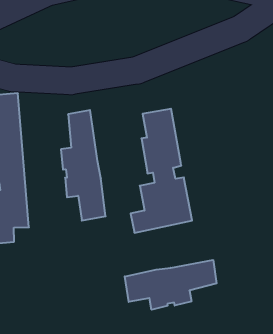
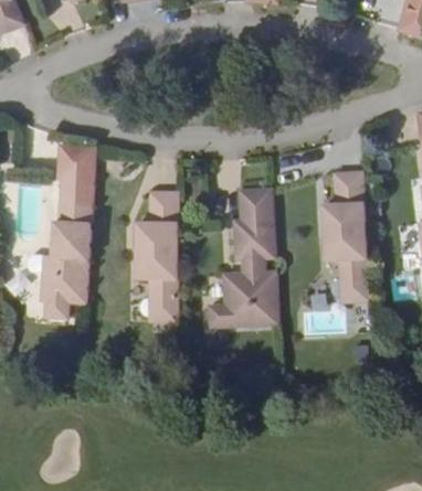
building: none -> [323,161,369,290]
building: [125,260,217,310] -> none

